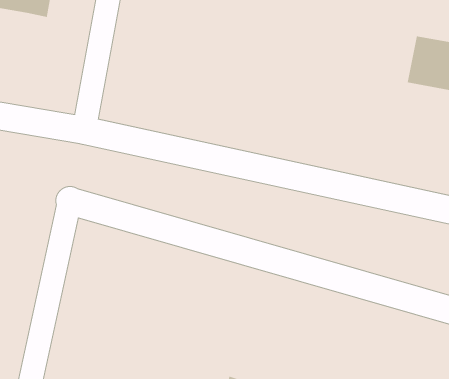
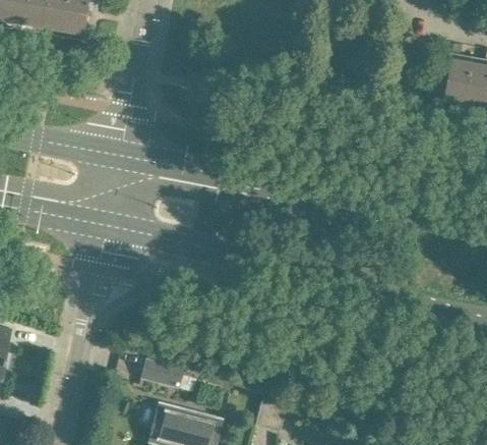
building: none -> [141,357,182,384]

